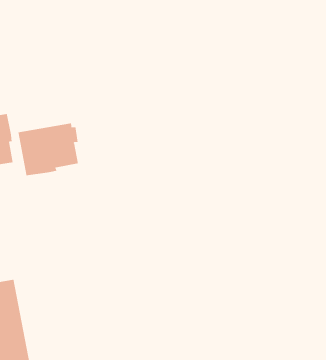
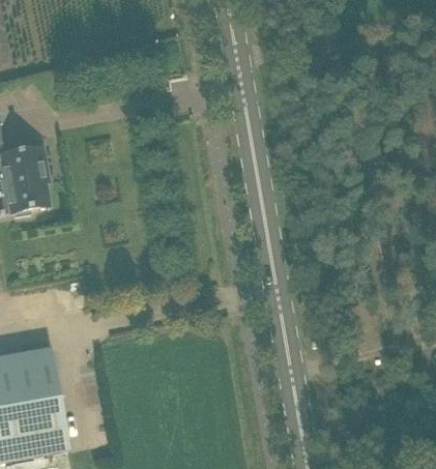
building: [18,122,79,176] -> none

